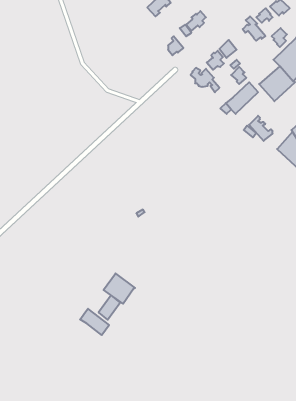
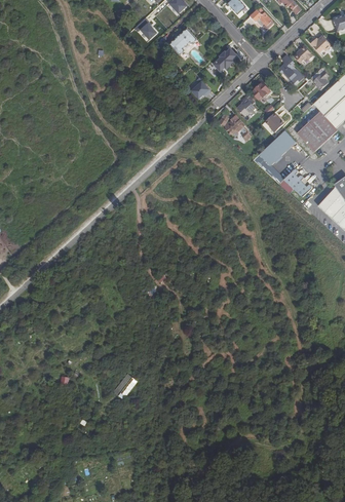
building: [104,273,135,304] -> none
building: [80,309,109,335] -> none

